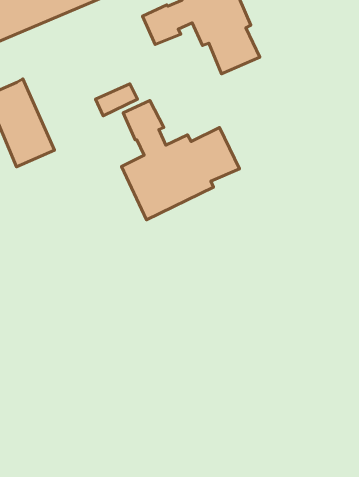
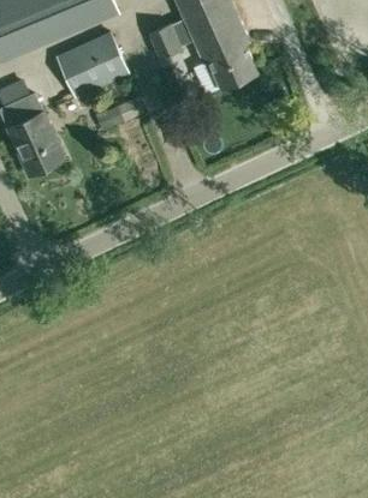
building: none -> [55,30,129,98]
building: [122,100,240,220] -> none

